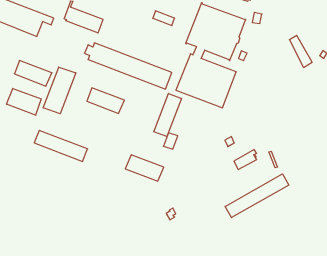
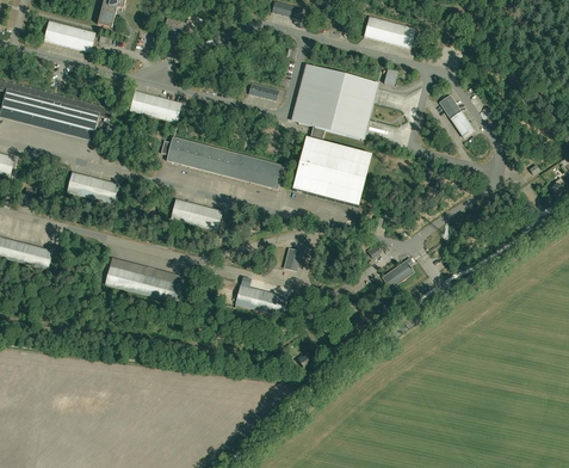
building: [43,67,76,114] -> none
building: [7,88,41,115] -> none
building: [154,93,181,137] -> none
building: [225,174,289,218] -> none

